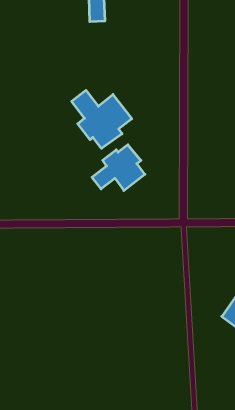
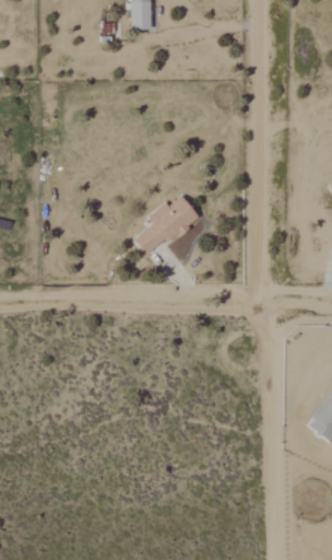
building: [72,90,132,148] -> none

